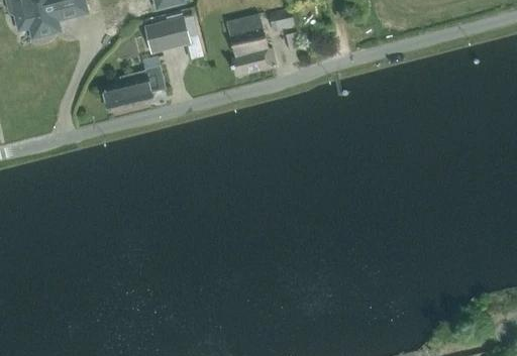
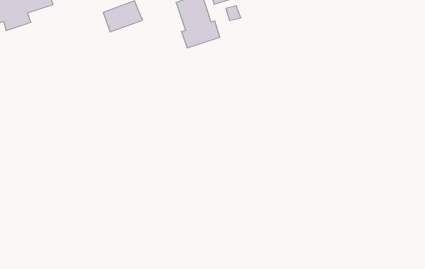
building: [103,65,167,109] -> none

